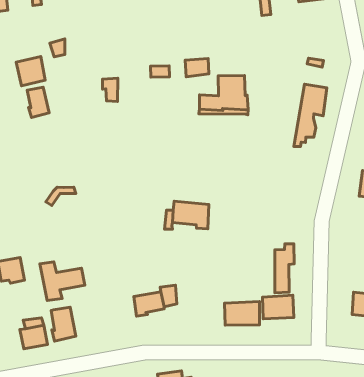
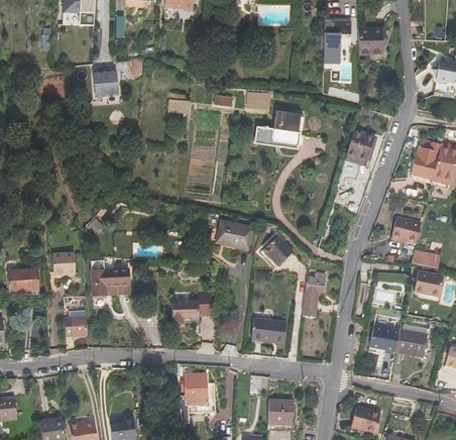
building: [27,87,49,118] -> none
building: none -> [262,235,293,265]
building: [262,295,294,319] -> none
building: [51,307,76,341] -> none

